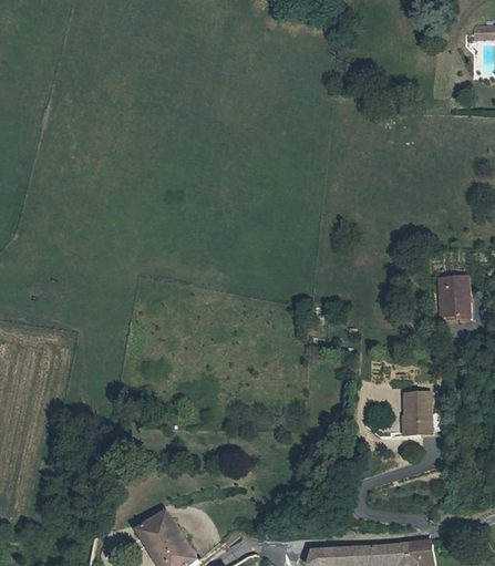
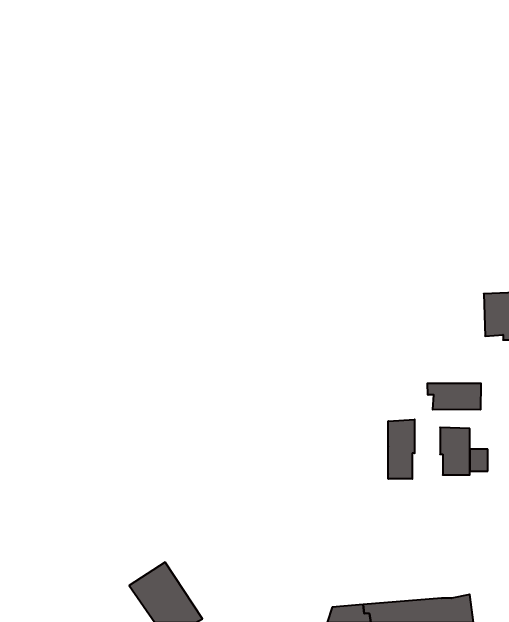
building: none -> [427,383,481,410]
building: none -> [388,419,415,479]

